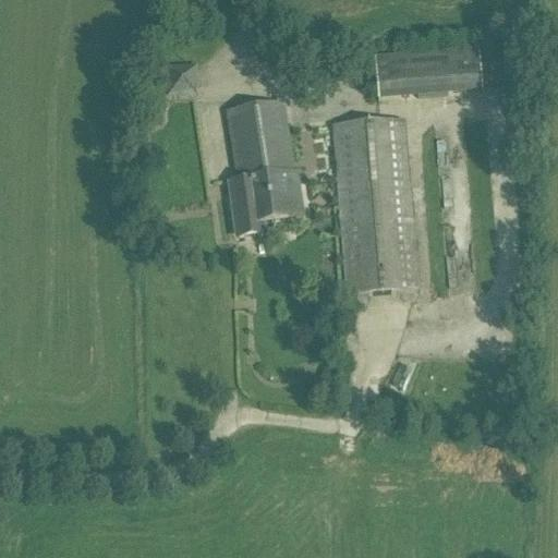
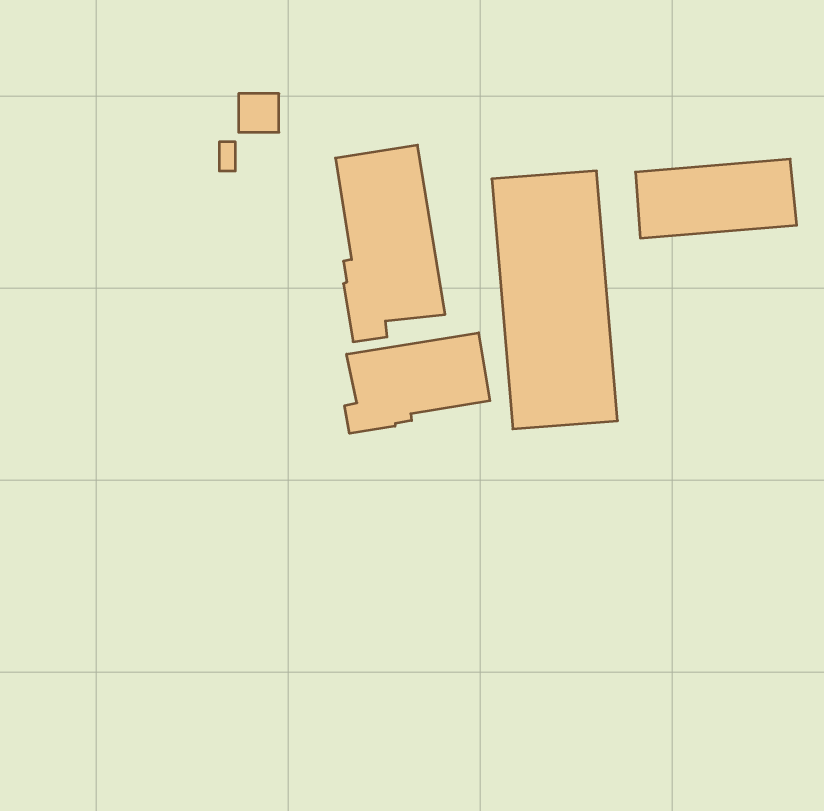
building: [374,43,483,96] -> [635,159,797,238]
building: none -> [345,333,490,433]

